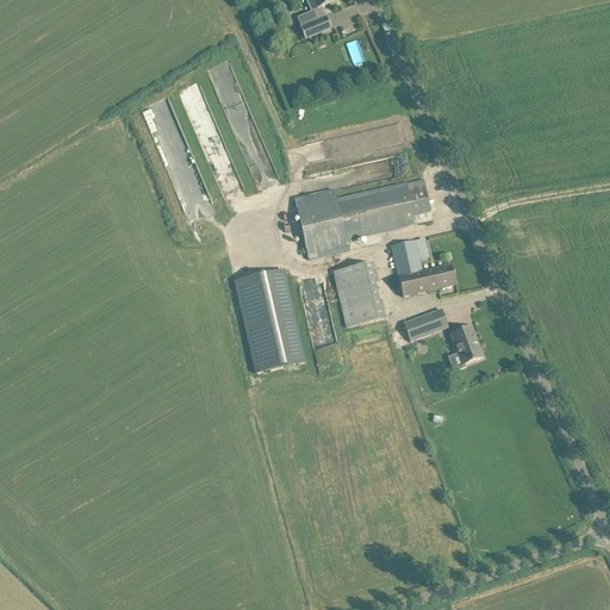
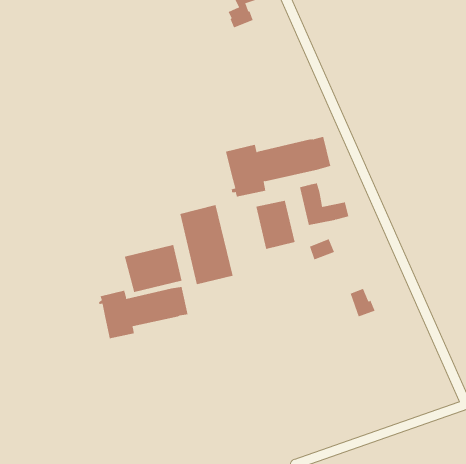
building: none -> [124,244,182,293]
building: [450,325,484,363] -> [350,288,375,317]
building: none -> [98,286,188,339]

